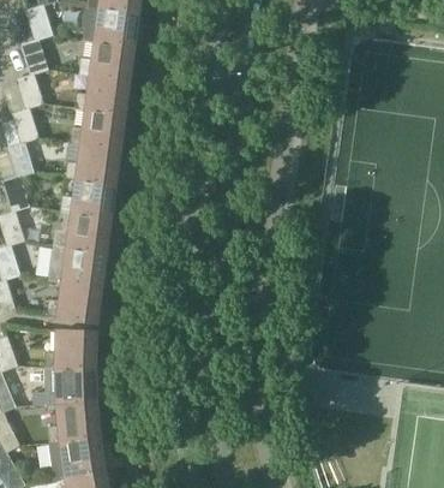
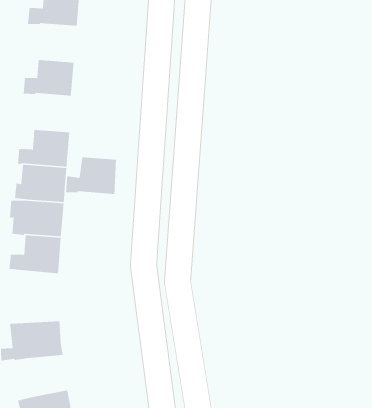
building: [76,75,128,114] -> none
building: [66,143,119,183] -> [65,156,117,195]
building: [46,331,95,368] -> none
building: [48,403,98,444] -> none

